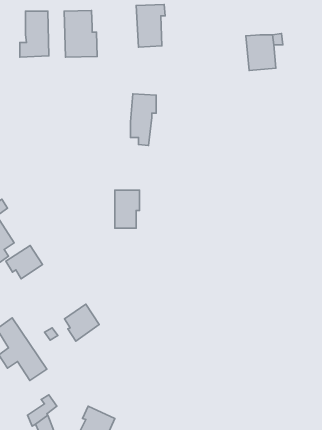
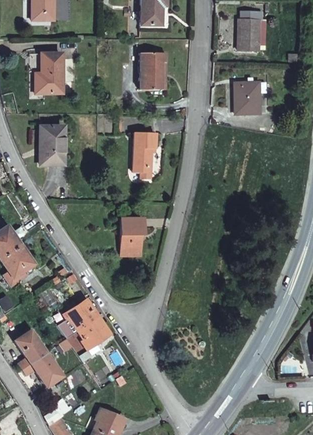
building: [64,10,97,57] -> none
building: none -> [43,127,67,166]
building: [6,245,43,279] -> [65,300,98,330]

